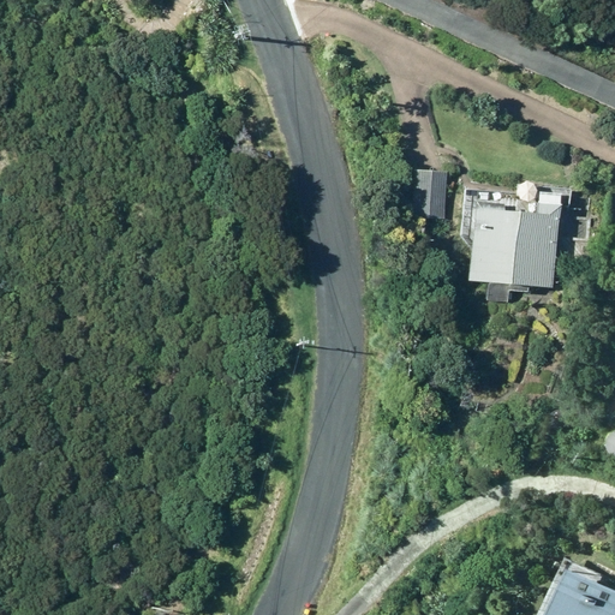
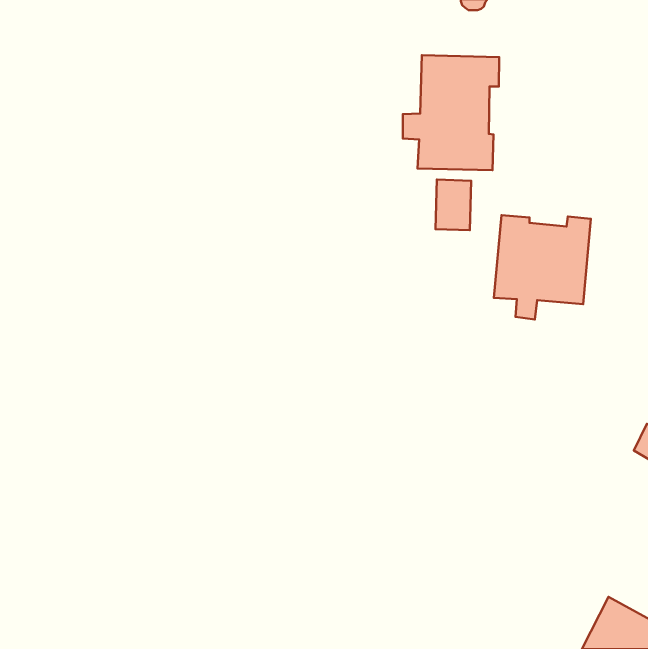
building: none -> [403,55,499,170]

